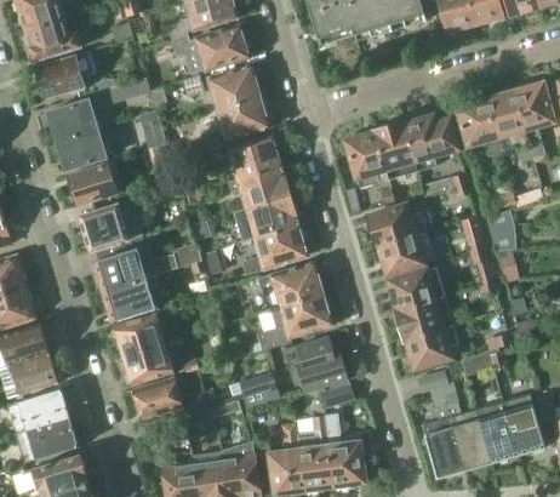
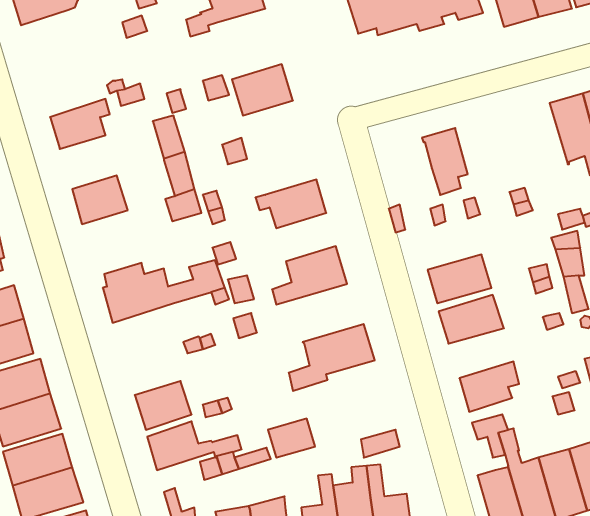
building: [23,17,87,59] -> none
building: [171,24,248,73] -> none
building: [35,50,92,97] -> none
building: [217,96,269,138] -> none
building: [457,98,501,155] -> none
building: [402,114,458,170] -> none
building: [57,126,107,168] -> none
building: [345,132,389,187] -> none
building: [228,135,281,178] -> none
building: [246,194,298,236] -> none
building: [80,200,143,250] -> none
building: [367,202,425,245] -> none
building: [262,262,322,309] -> none
building: [103,273,162,320] -> none
building: [394,295,453,339] -> none
building: [114,313,162,353] -> none
building: [293,333,348,390] -> none

